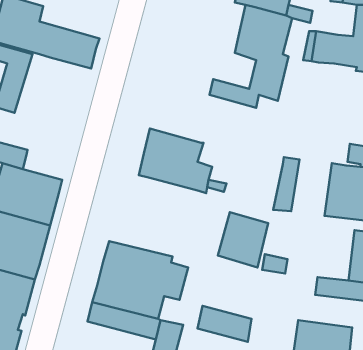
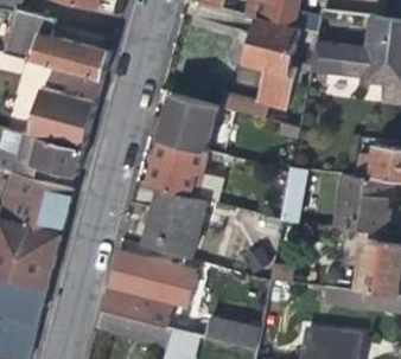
building: none -> [28,83,94,140]
building: none -> [147,92,222,153]
building: none -> [15,133,83,175]
building: none -> [142,187,208,258]

